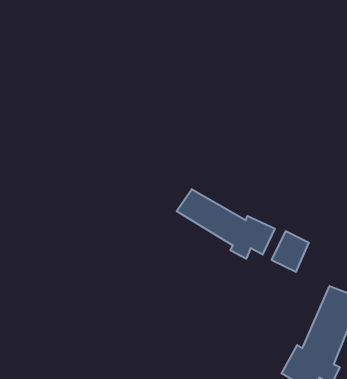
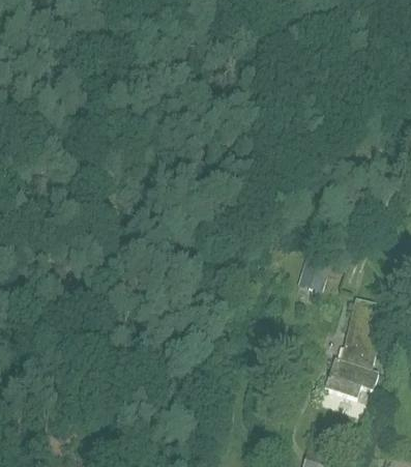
building: [177,189,275,259] -> none

